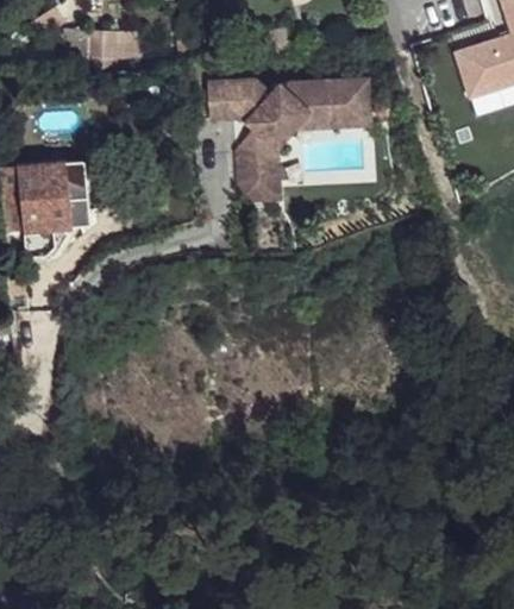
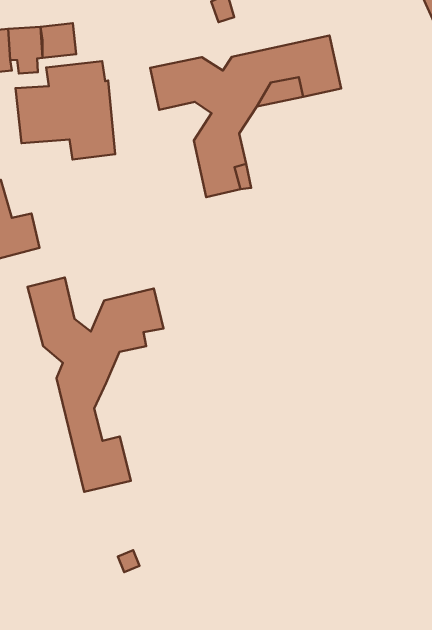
building: none -> [16,61,115,160]
building: none -> [28,277,163,492]

